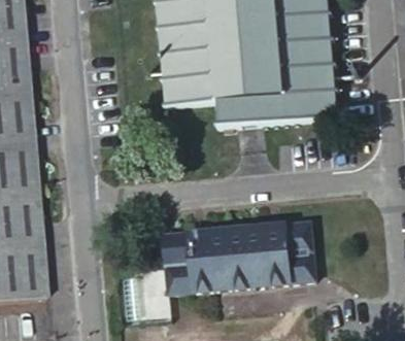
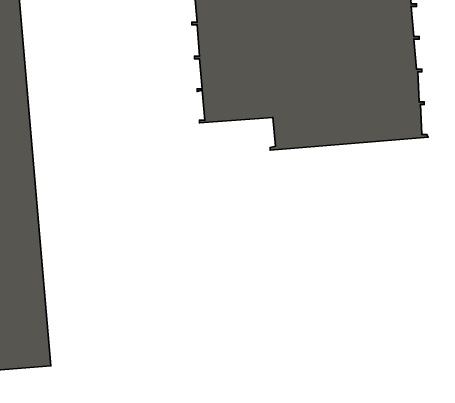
building: [162,221,315,293] -> none

